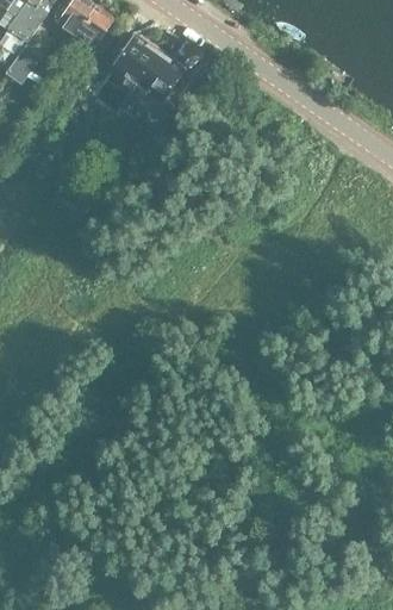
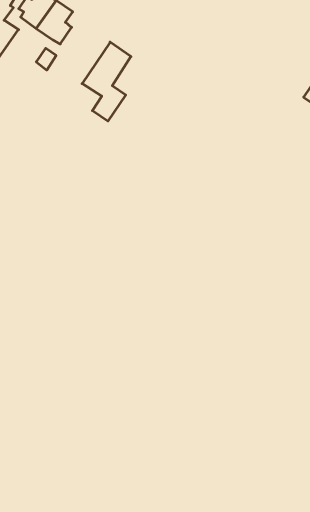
building: [110,33,162,106] -> none

